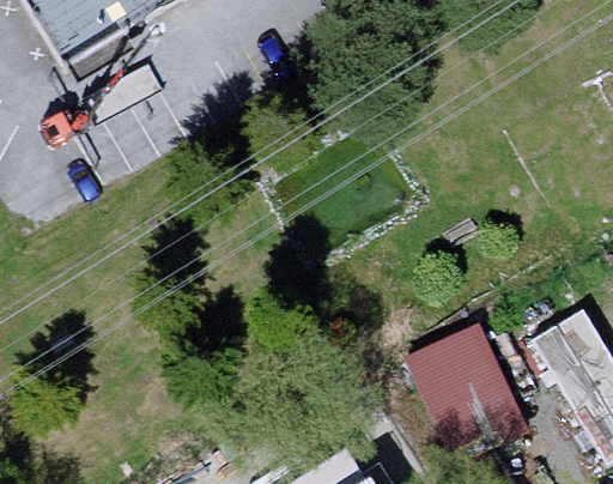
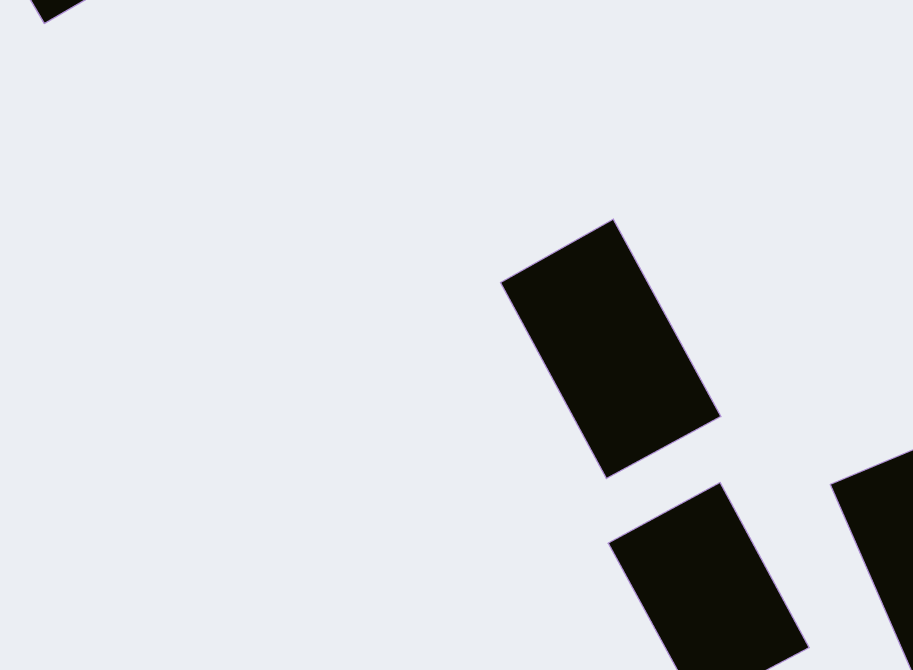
building: none -> [501,219,721,479]

